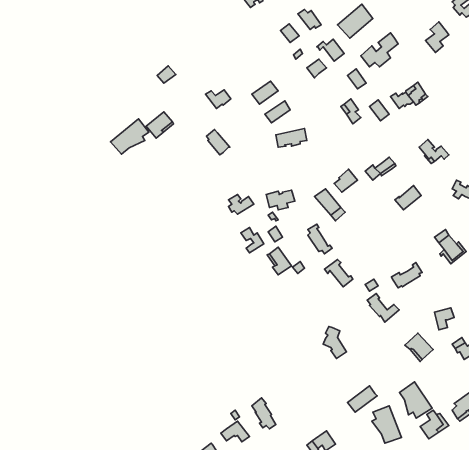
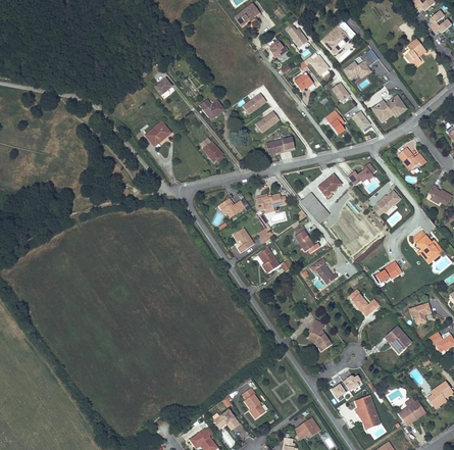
building: [110,119,149,154] -> none
building: [399,382,432,418] -> none

